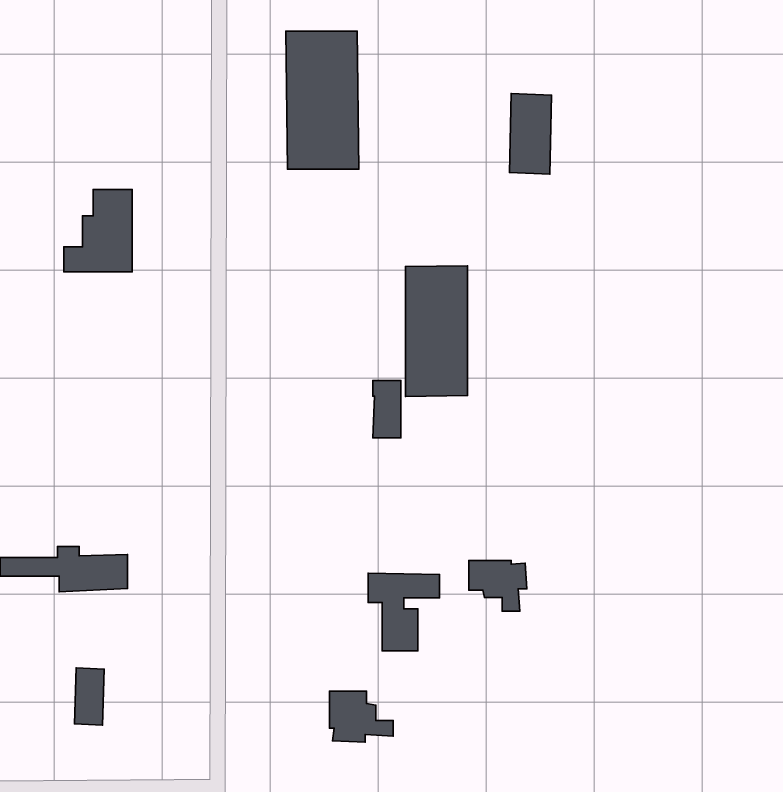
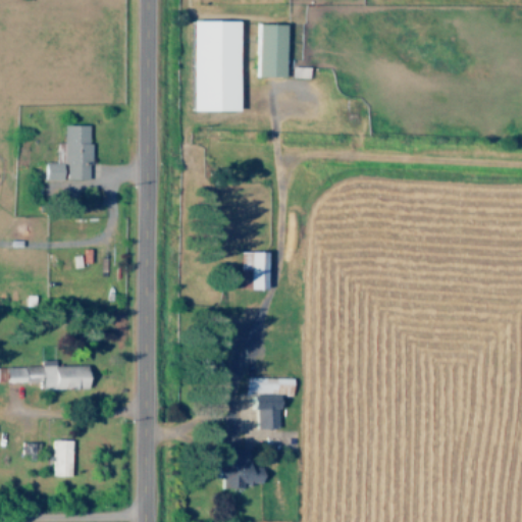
building: [510,93,551,174] -> [261,24,289,77]
building: [405,266,467,396] -> none
building: [469,561,527,611] -> none

